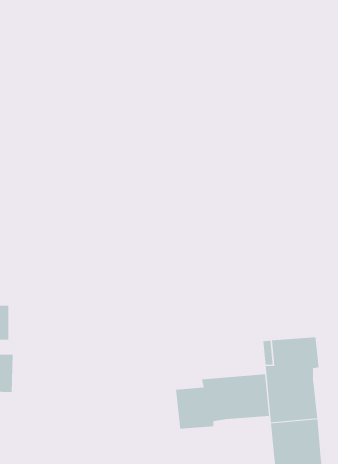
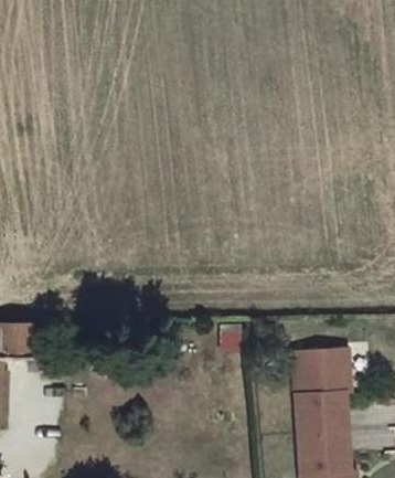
building: [175,373,269,430] -> none

